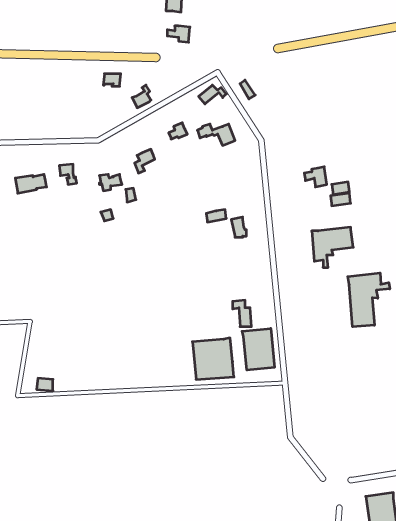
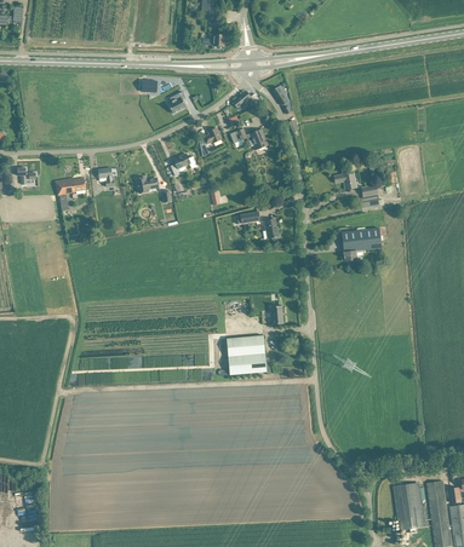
building: [348,273,390,327] -> none
building: [242,328,274,370] -> none

